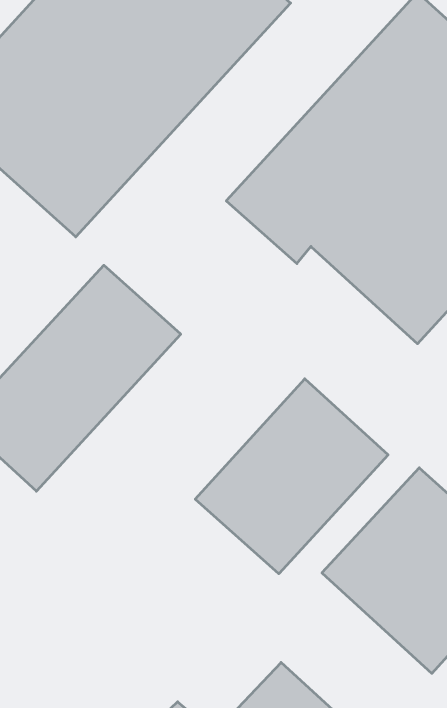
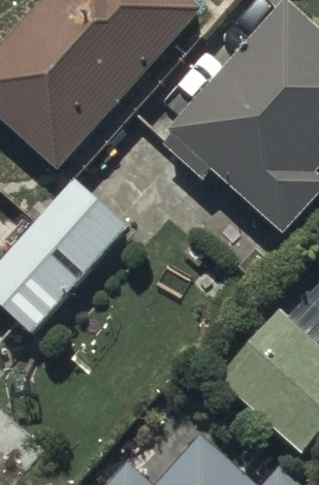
building: [195,379,388,574] -> none

